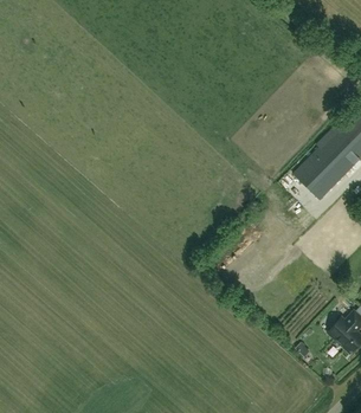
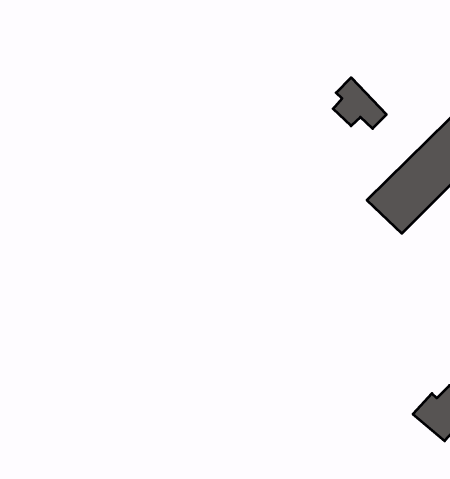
building: none -> [333,78,386,129]

